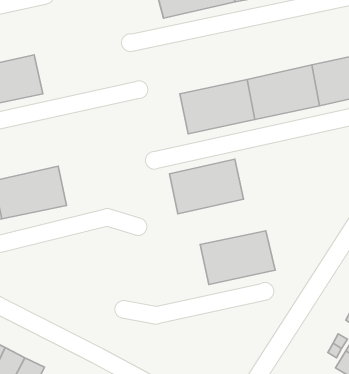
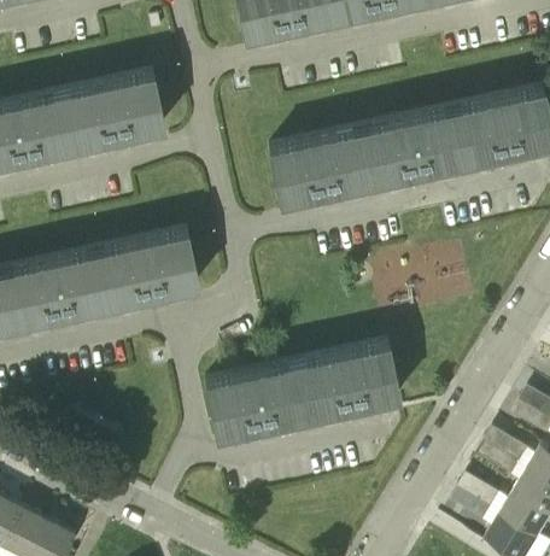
building: none -> [59,70,163,145]
building: none -> [93,228,197,303]
building: [169,159,244,214] -> [201,358,306,435]

